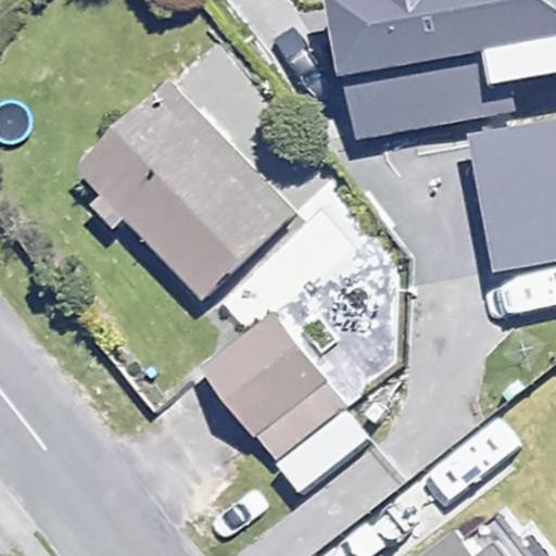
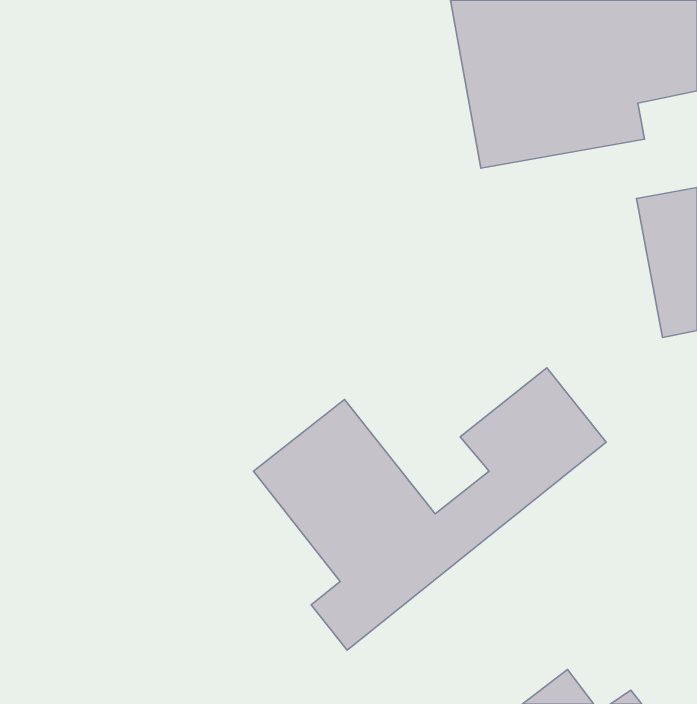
building: [83,85,291,296] -> none

